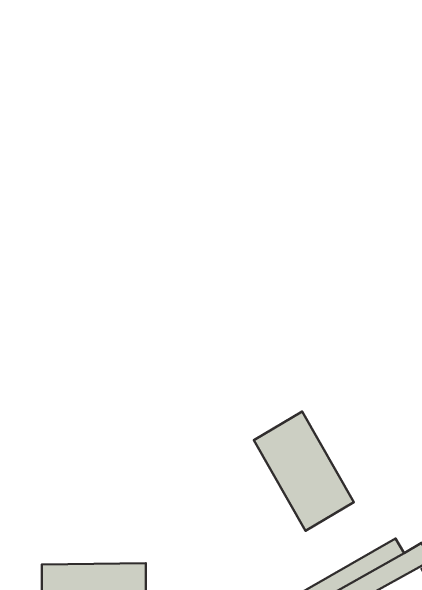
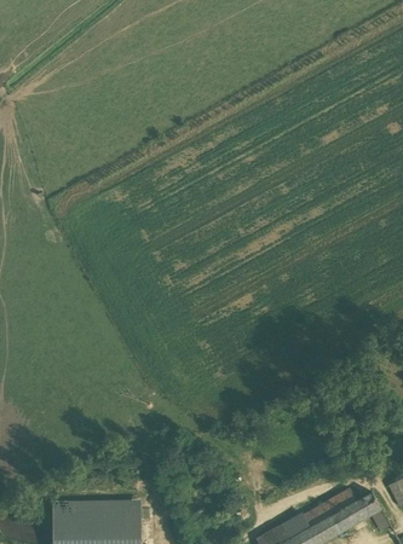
building: [254,412,354,531] -> none

